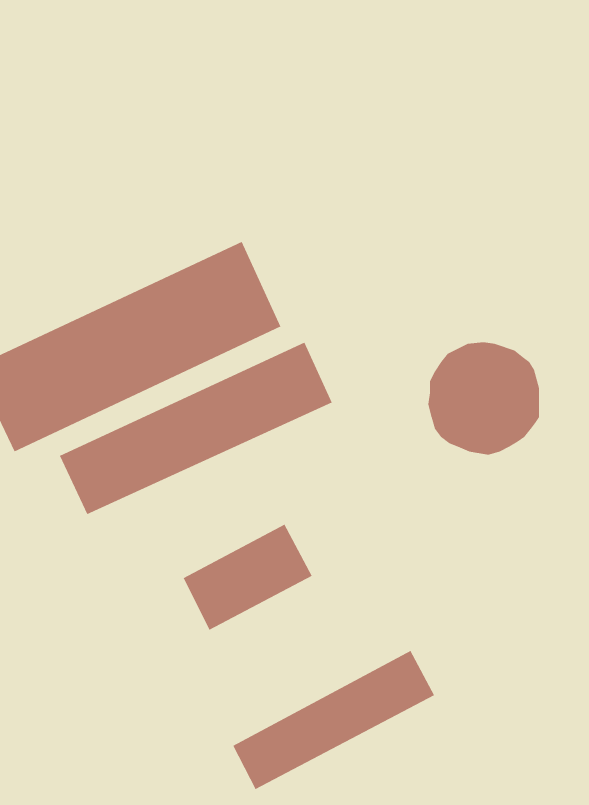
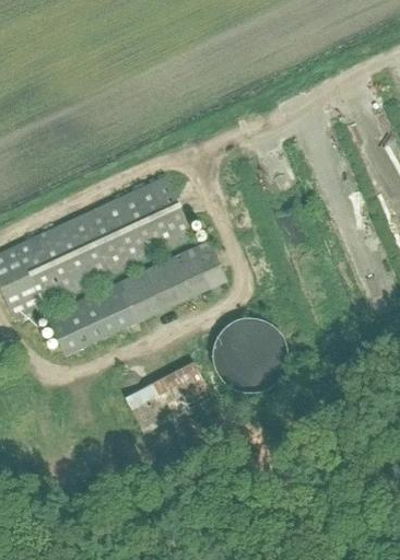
building: [427,342,540,456] -> [213,318,287,394]
building: [232,650,435,790] -> none

